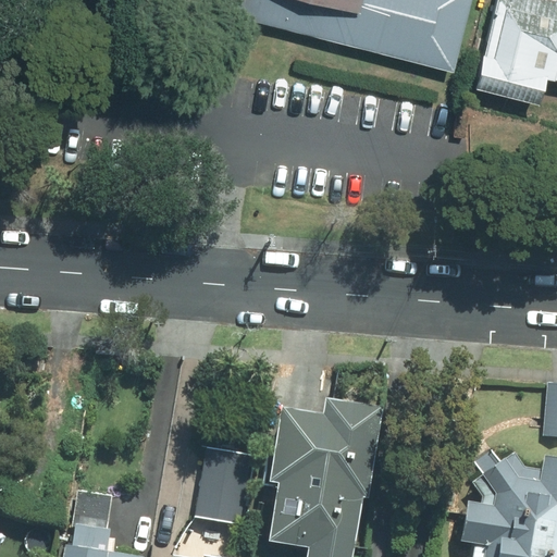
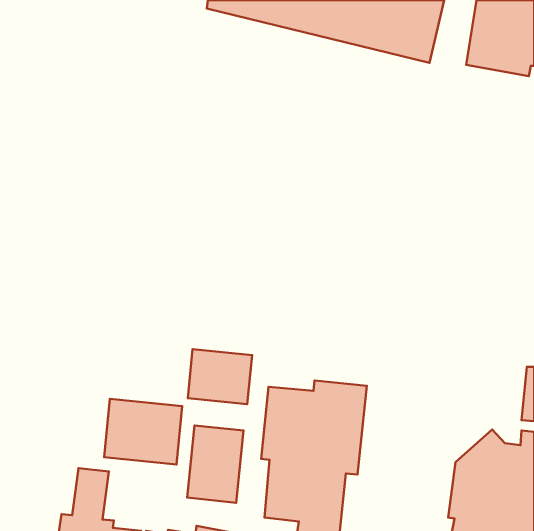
building: none -> [188,349,252,404]
building: none -> [104,399,182,464]

